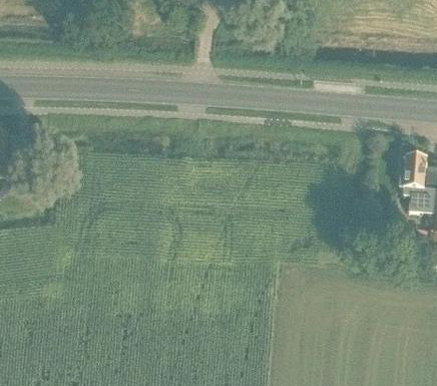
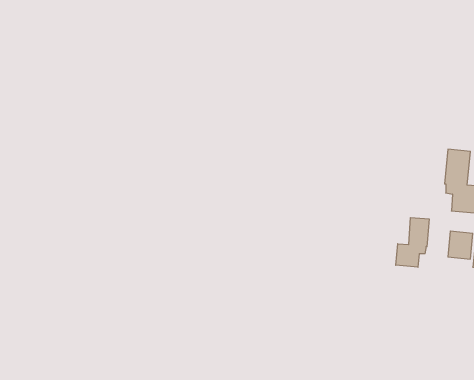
building: none -> [396,218,429,267]

